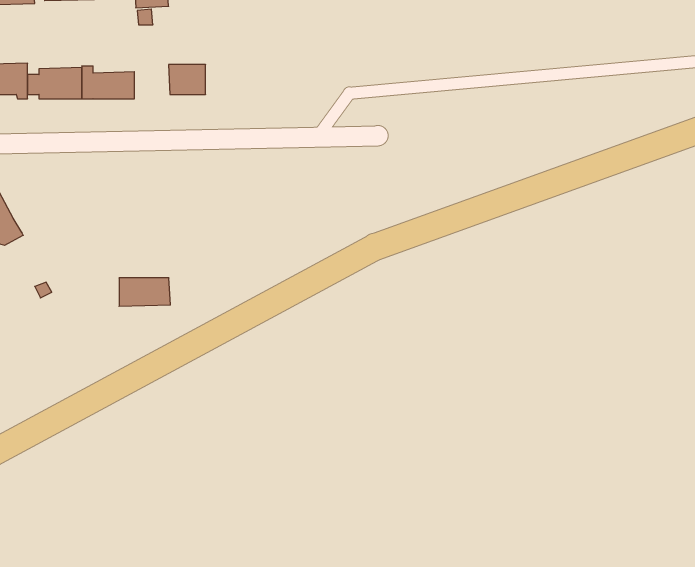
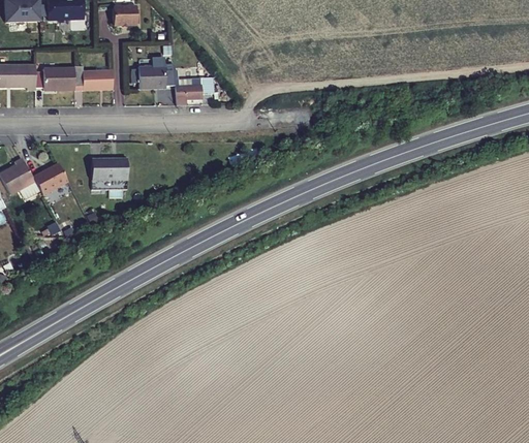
building: none -> [177,85,204,103]
building: none -> [27,162,62,194]
building: [119,278,170,306] -> [87,159,124,180]

